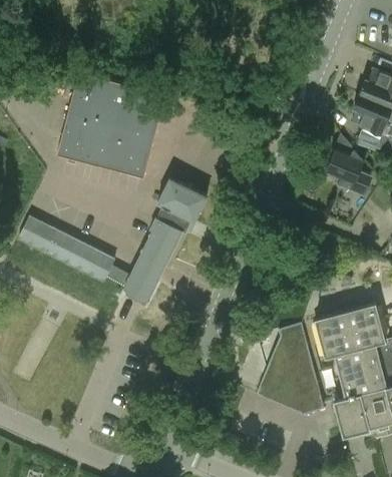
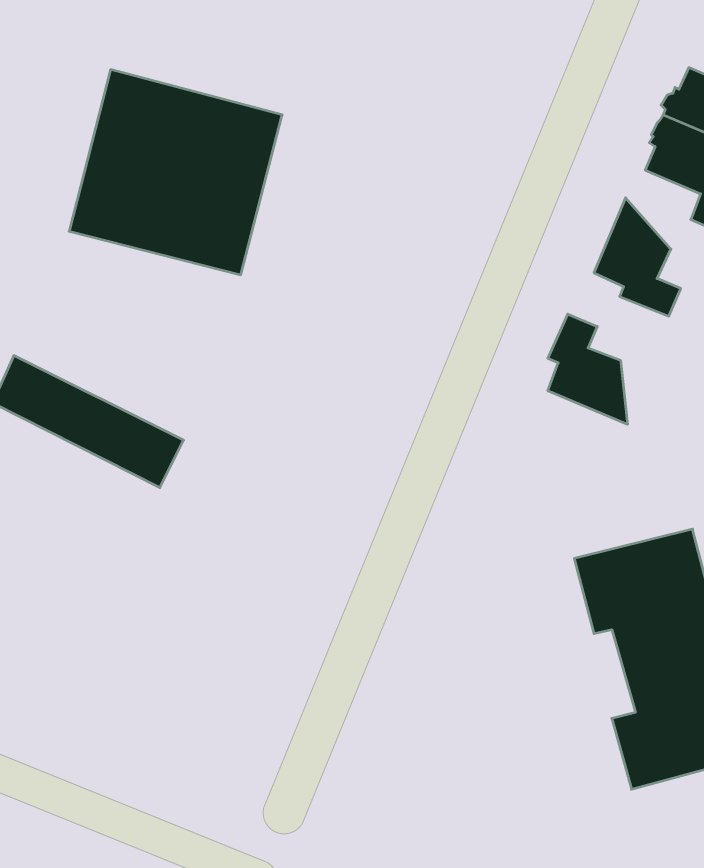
building: [123,176,210,305] -> none
building: none -> [548,314,627,424]
building: [256,324,324,415] -> none

